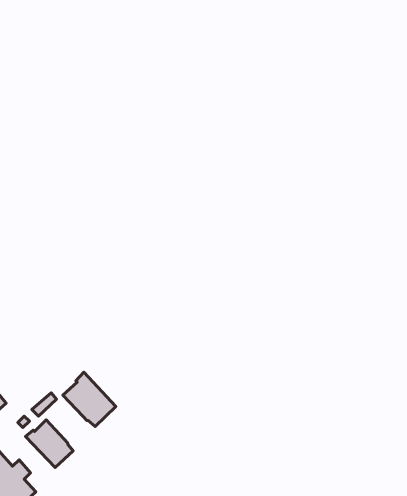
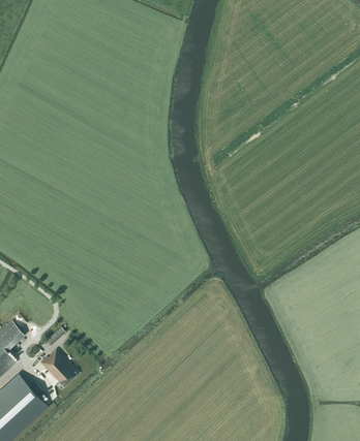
building: [63,372,116,427] -> none

